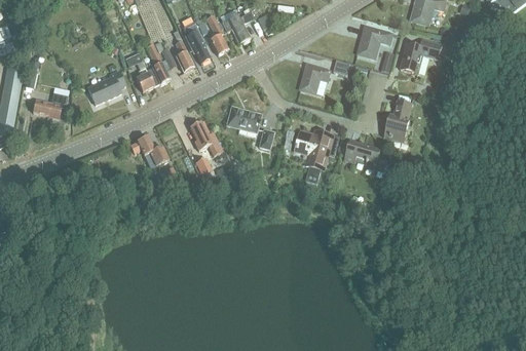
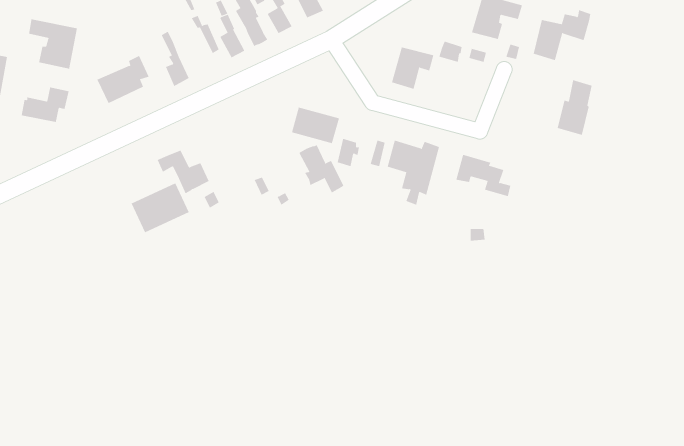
building: none -> [28,19,78,70]
building: [146,43,170,85] -> none
building: [384,100,410,140] -> [557,80,593,135]
building: [189,120,222,155] -> [299,144,344,193]
building: none -> [131,183,190,233]

